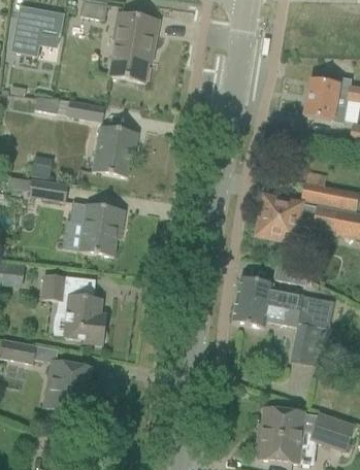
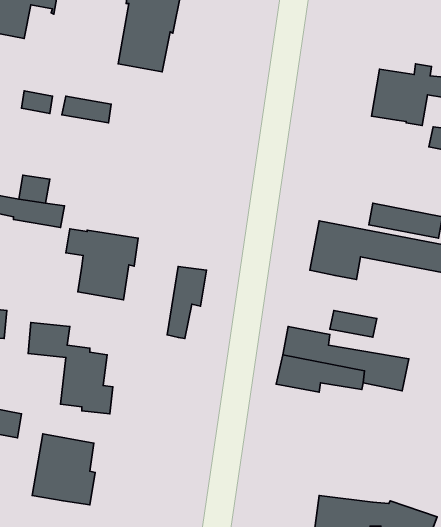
building: [92,124,137,176] -> none
building: none -> [167,267,207,338]
building: [292,320,332,359] -> none

